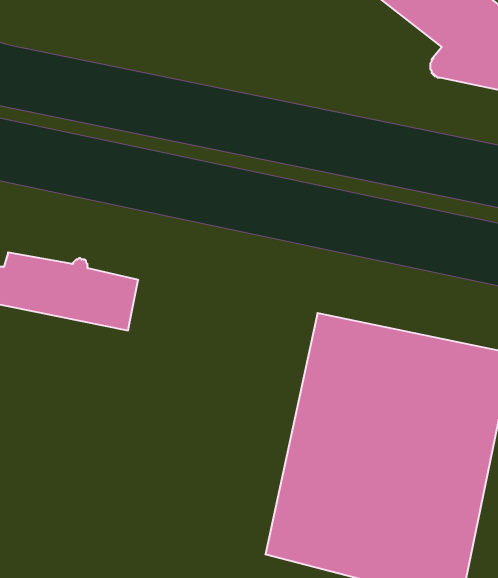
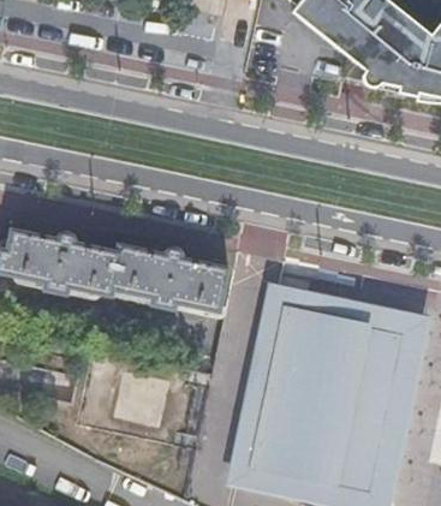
building: none -> [112,245,226,311]

